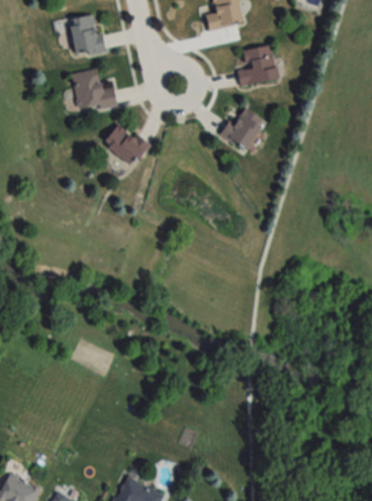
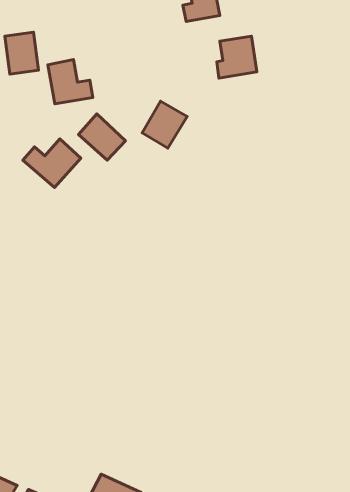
building: [69,14,102,56] -> [5,32,39,74]
building: [220,105,265,152] -> [142,101,187,148]
building: none -> [23,139,81,188]

